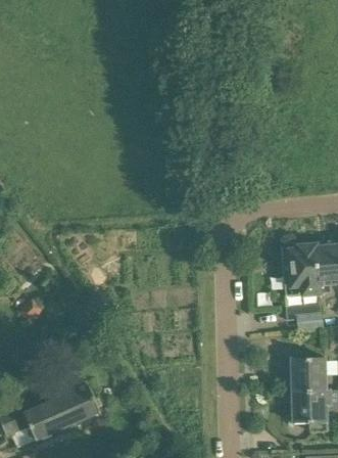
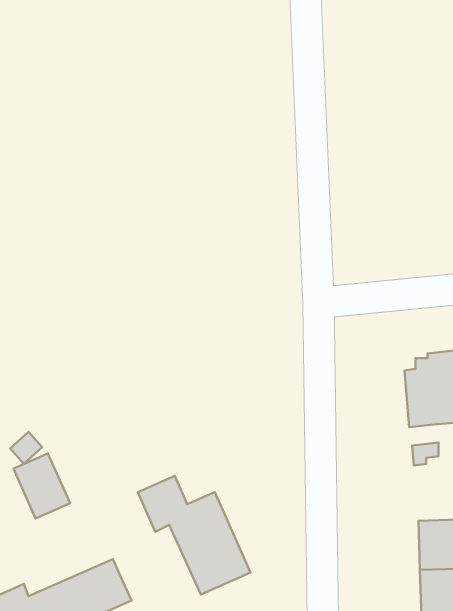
building: none -> [13,453,70,518]
building: none -> [138,476,251,595]

